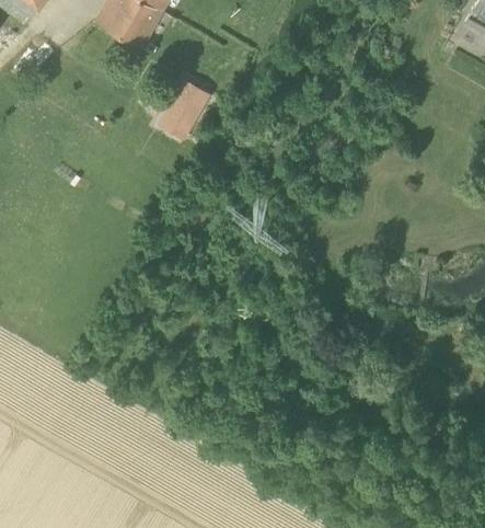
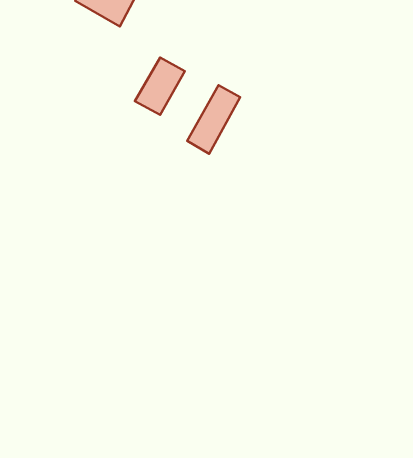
building: none -> [187,85,240,154]

